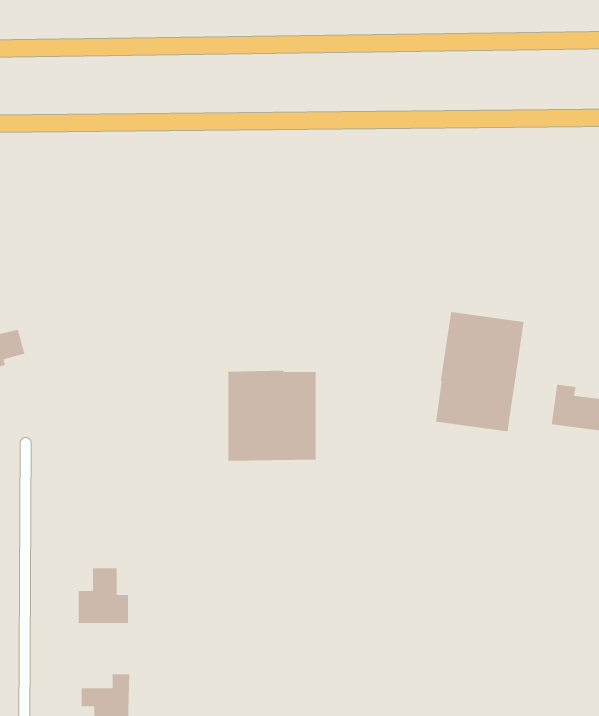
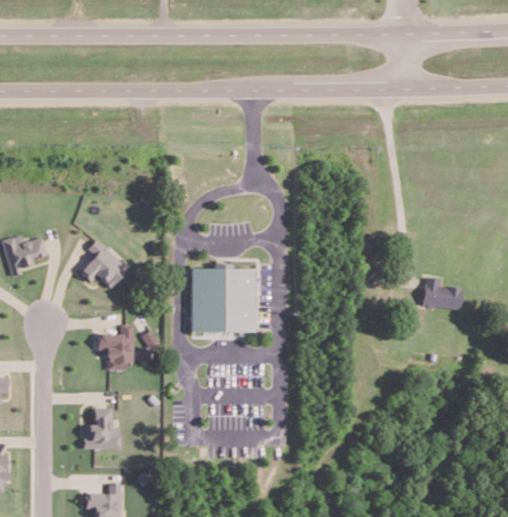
building: [435,311,524,432] -> none
building: none -> [80,240,127,288]
building: none -> [98,326,133,371]

